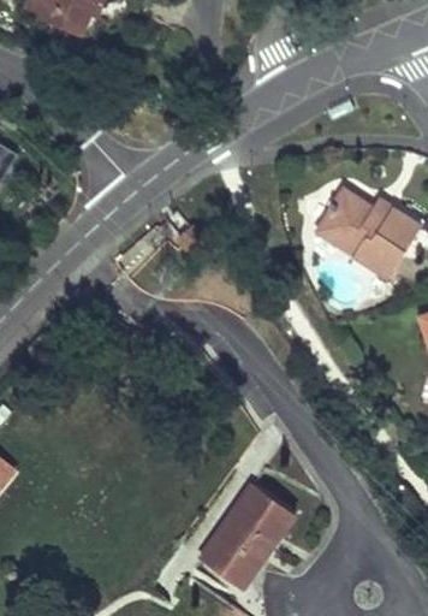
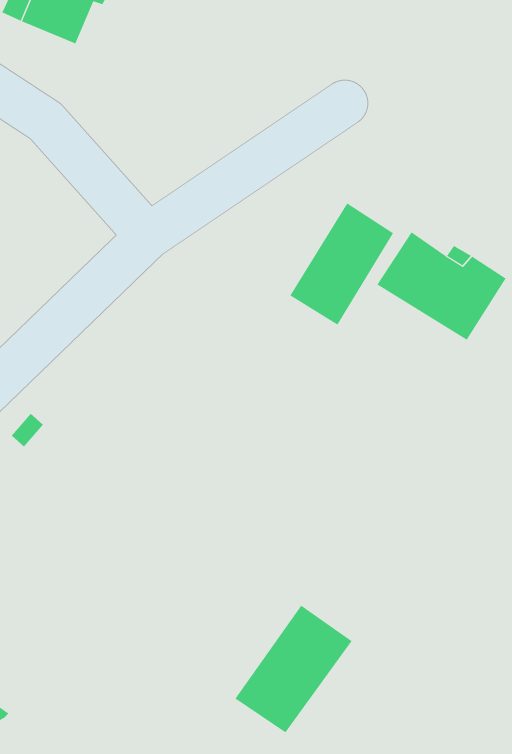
building: none -> [289,202,394,326]

